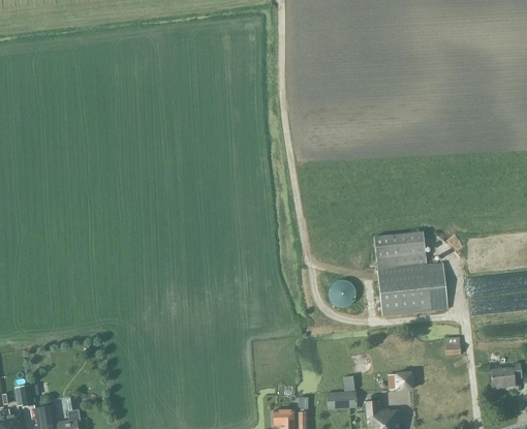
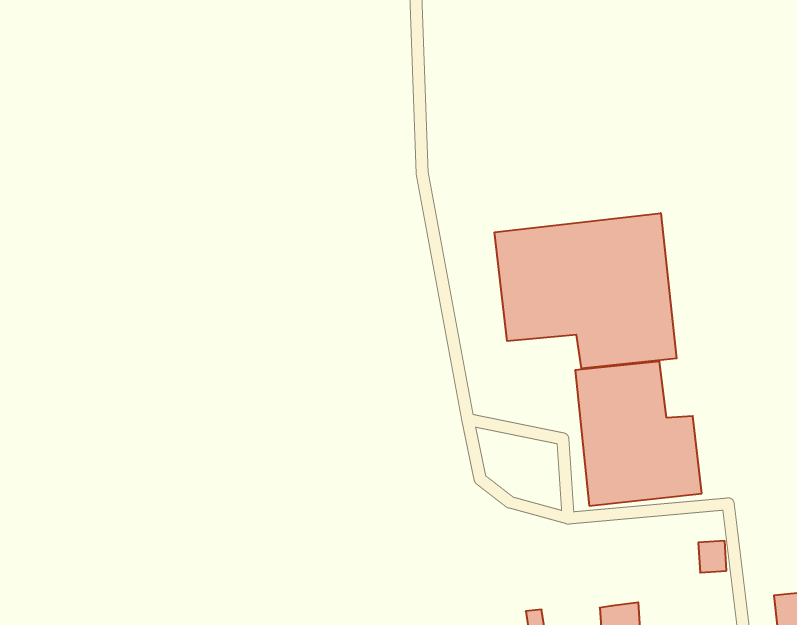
building: none -> [495,213,677,368]
building: [333,281,357,305] -> none

